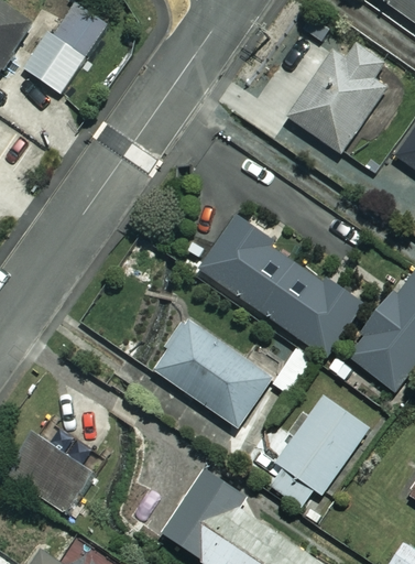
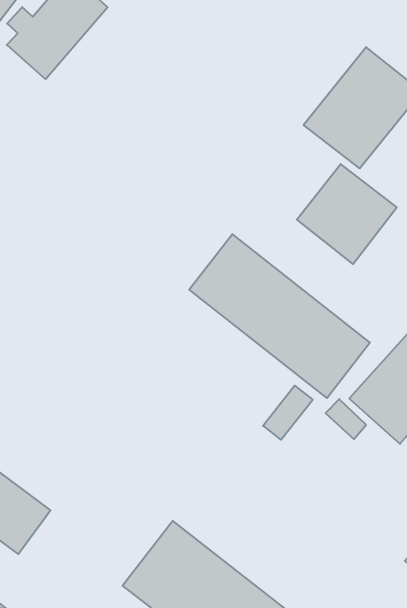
building: none -> [297,164,397,264]
building: [154,318,273,427] -> none
building: [263,395,370,512] -> none

